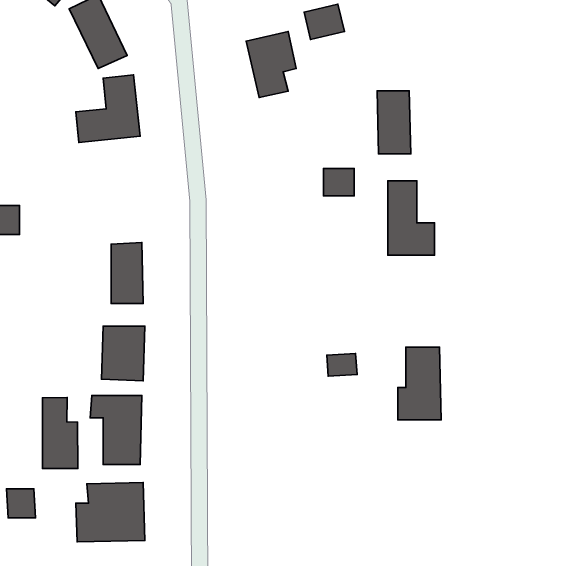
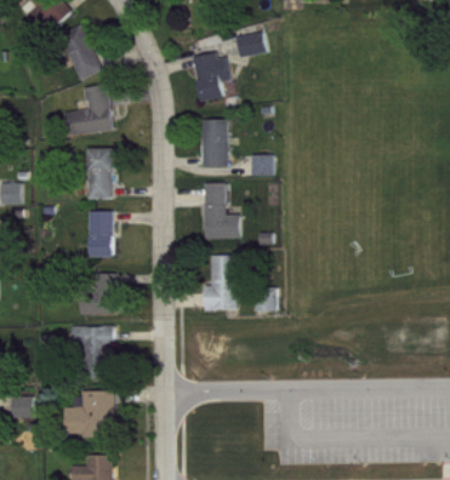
building: [377,91,411,154] -> [201,120,227,167]
building: none -> [87,148,113,199]
building: [388,181,434,255] -> [204,183,239,239]
building: [398,347,441,420] -> [204,256,237,310]
building: [43,397,78,469] -> none

